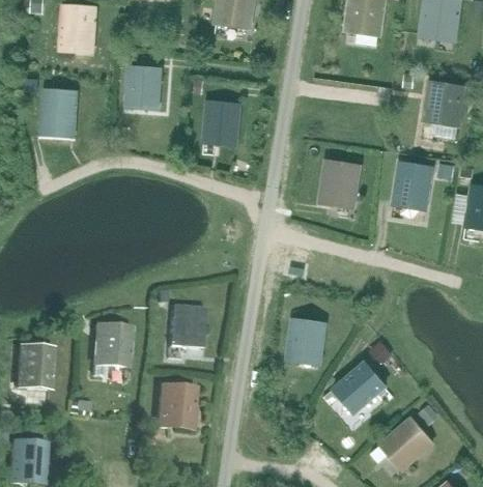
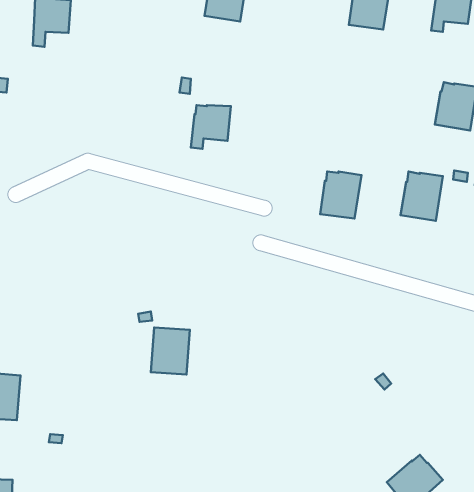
building: [127,67,162,107] -> none
building: [42,89,78,134] -> none
building: [289,320,326,360] -> none
building: [93,323,129,366] -> none
building: [335,364,387,412] -> none
building: [158,385,193,426] -> none

